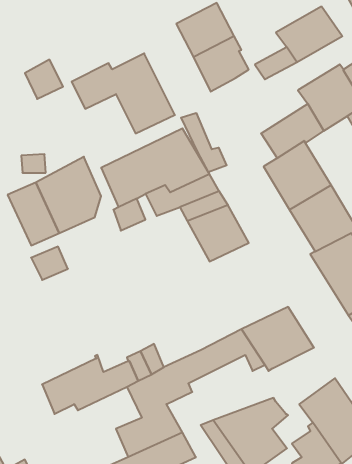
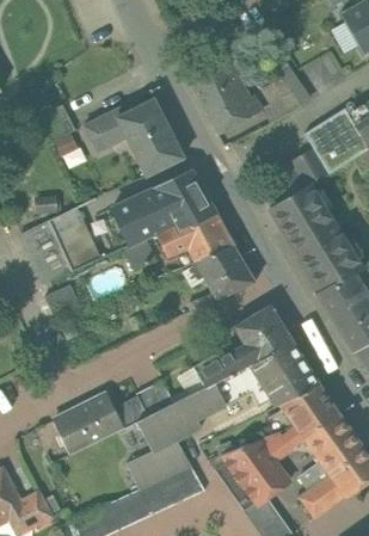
building: [181,113,227,172] -> none
building: none -> [196,304,294,386]
building: none -> [278,383,339,448]

